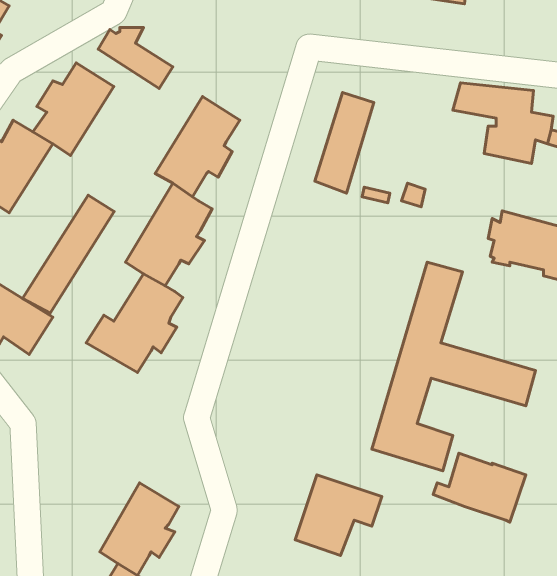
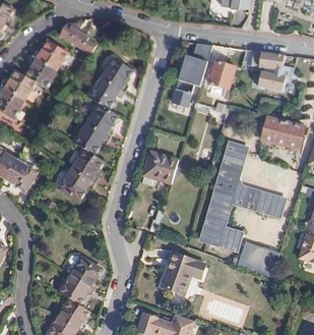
building: none -> [208,60,236,89]
building: [22,195,114,313] -> none
building: none -> [142,151,178,185]

